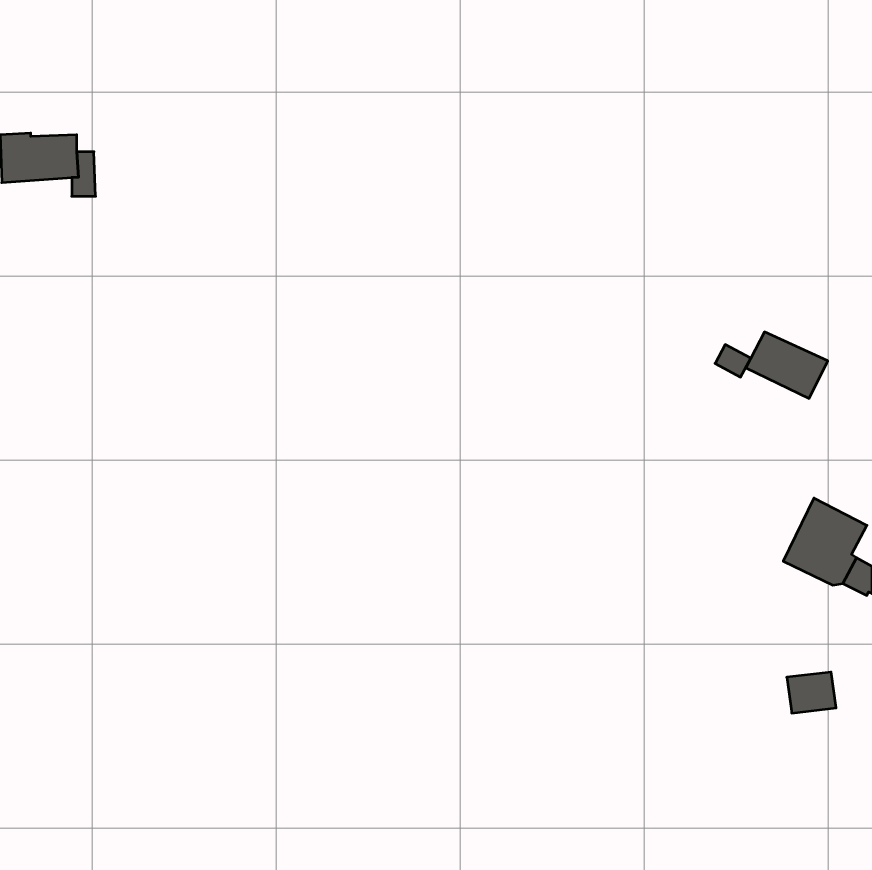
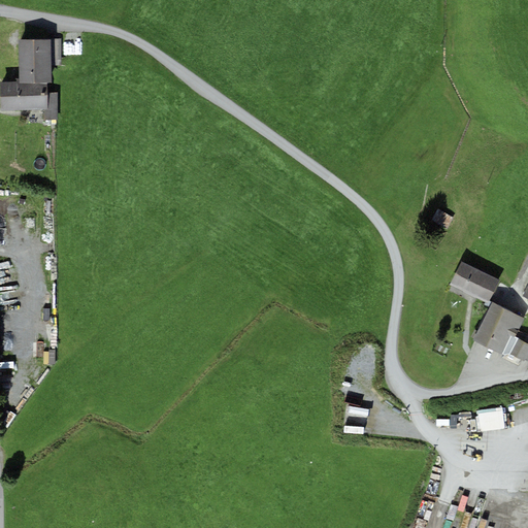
building: none -> [18,39,52,82]
building: [746,332,828,398] -> [451,262,500,302]

